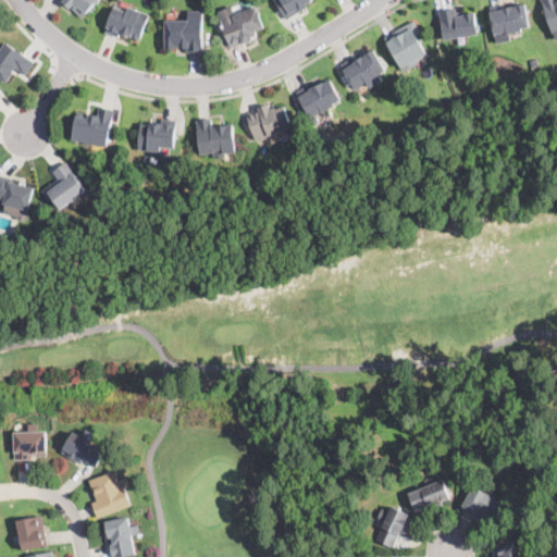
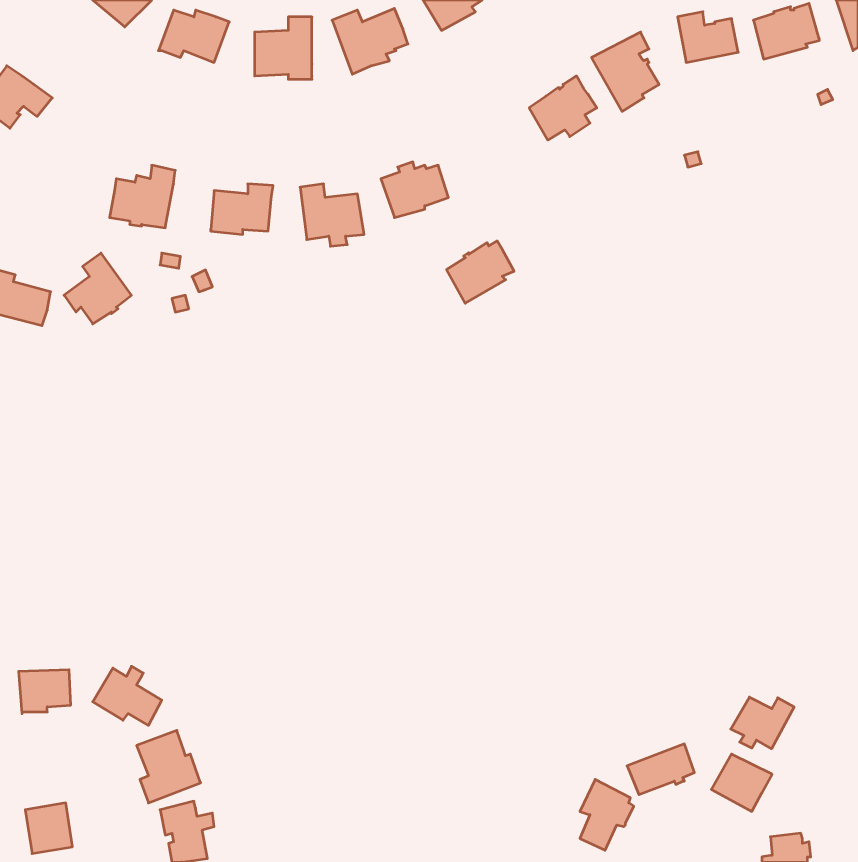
building: [296,79,339,120] -> [447,241,514,303]
building: none -> [731,697,794,749]

